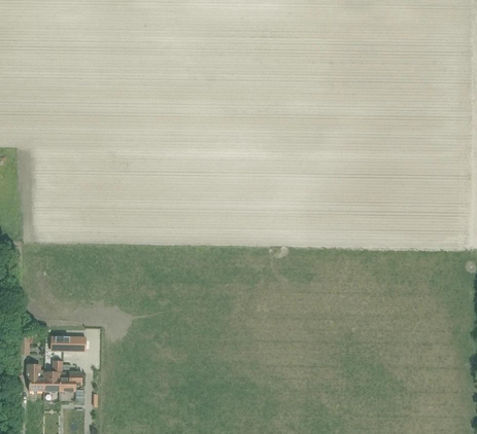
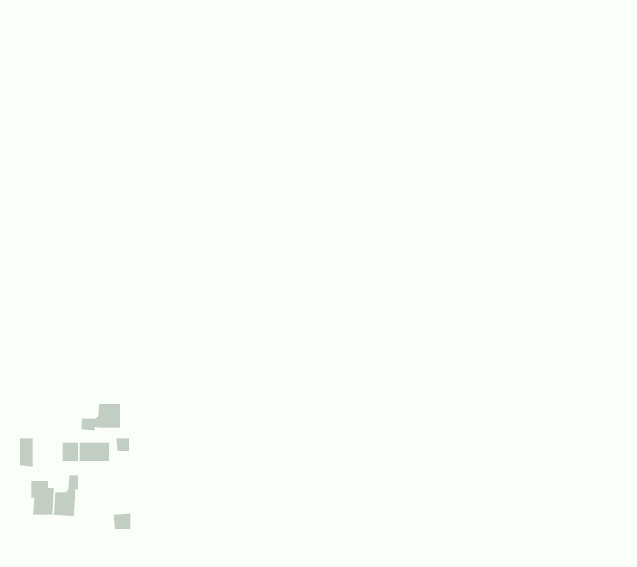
building: none -> [81,403,121,431]
building: [59,371,81,391] -> none

